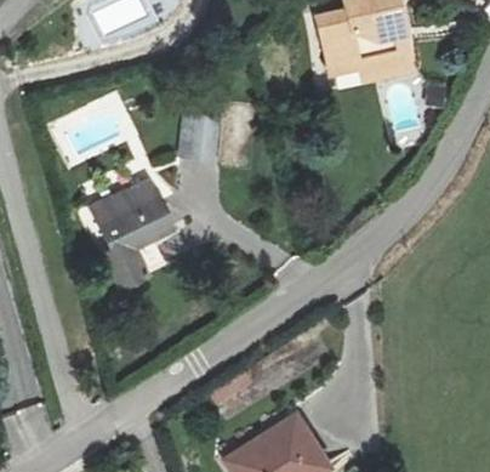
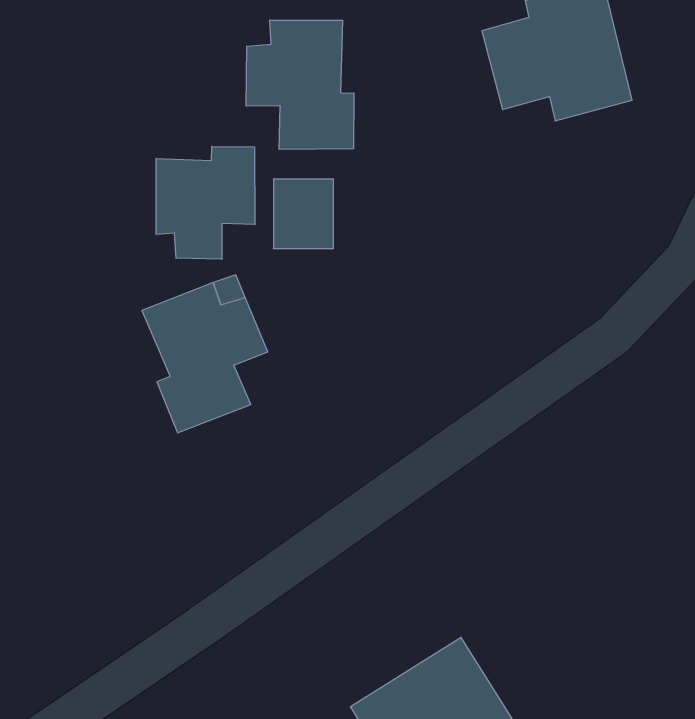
building: none -> [246,20,354,149]
building: none -> [156,146,255,259]

